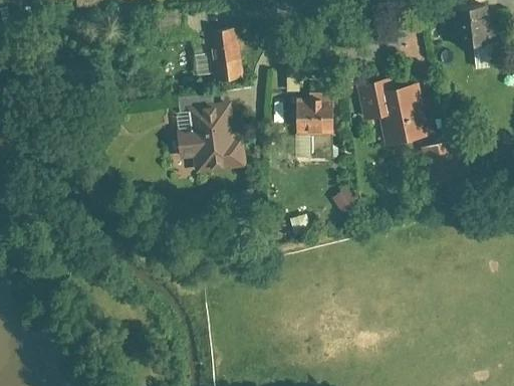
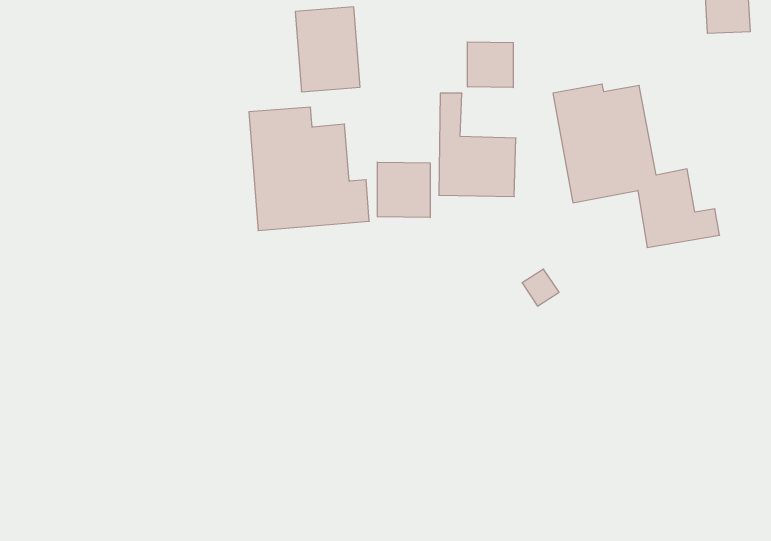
building: none -> [468,42,513,88]
building: none -> [377,162,430,218]

